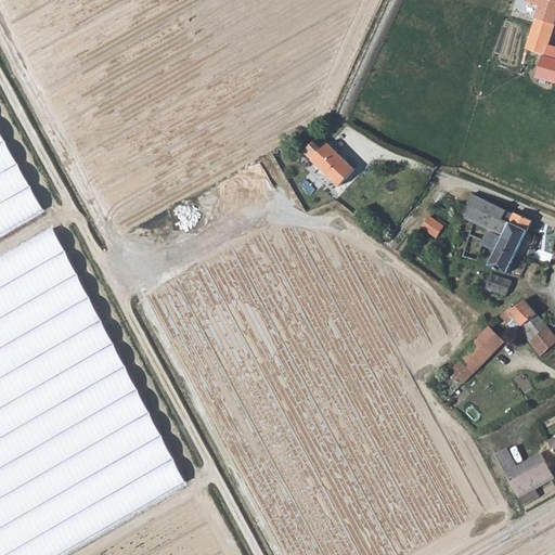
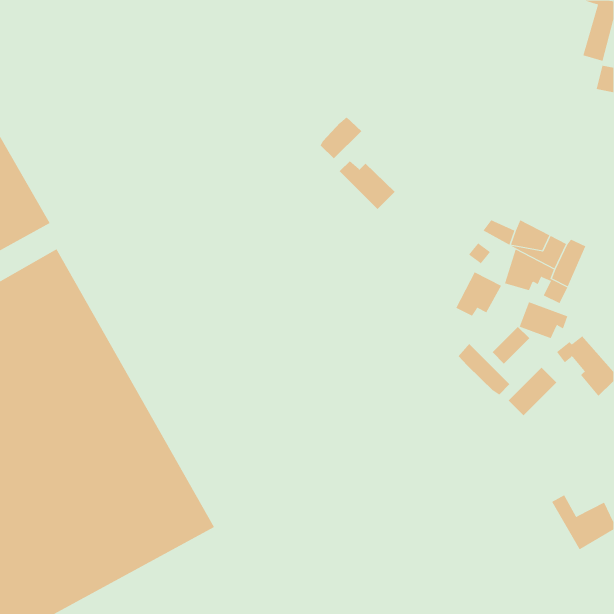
building: none -> [320,117,362,159]
building: none -> [456,272,502,317]
building: none -> [492,326,530,364]
building: none -> [458,343,510,396]

